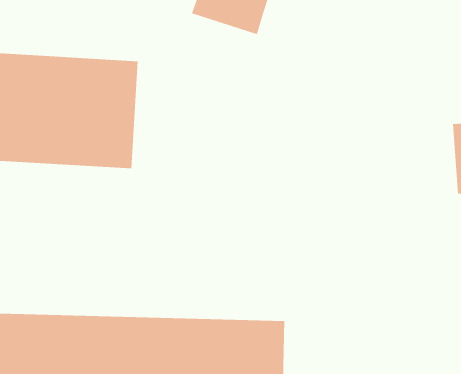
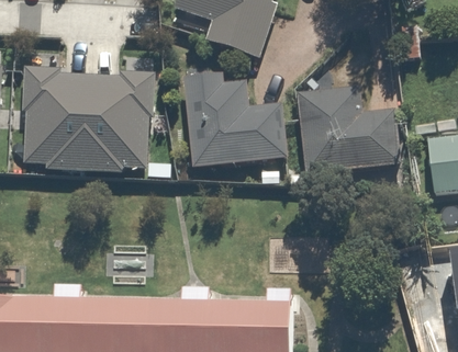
building: none -> [186,67,283,164]
building: none -> [299,86,402,184]

